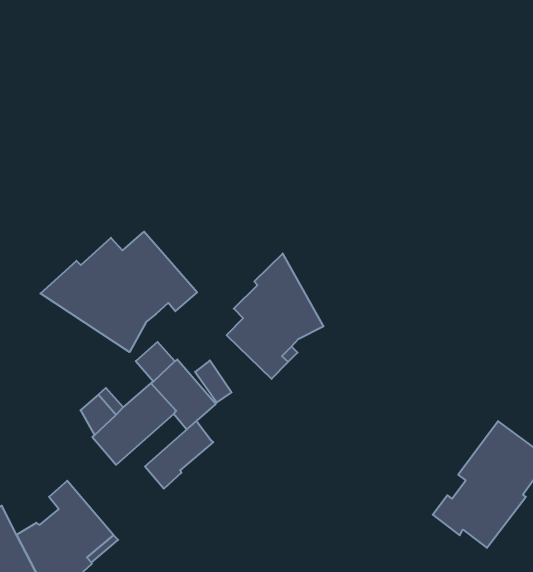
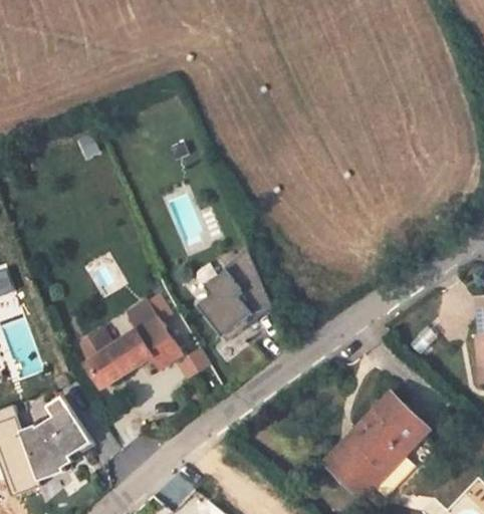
building: [40,232,197,352] -> none
building: [145,421,213,489] -> none
building: none -> [324,430,371,498]

